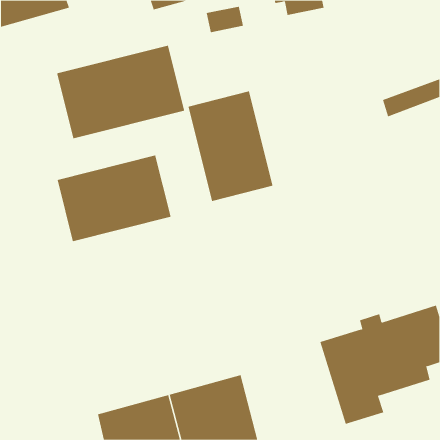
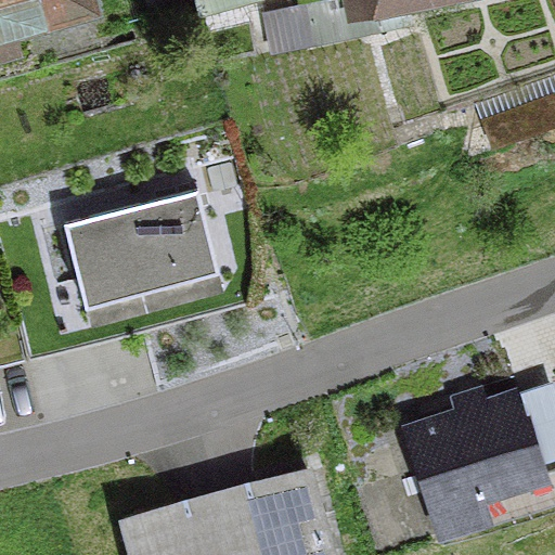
building: [56,45,185,139] -> none
building: [188,91,273,202] -> none

